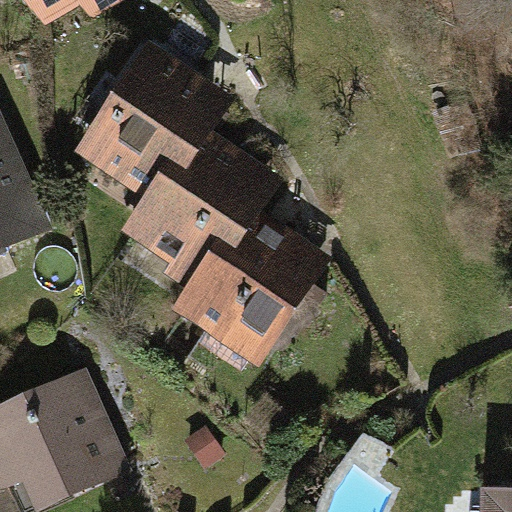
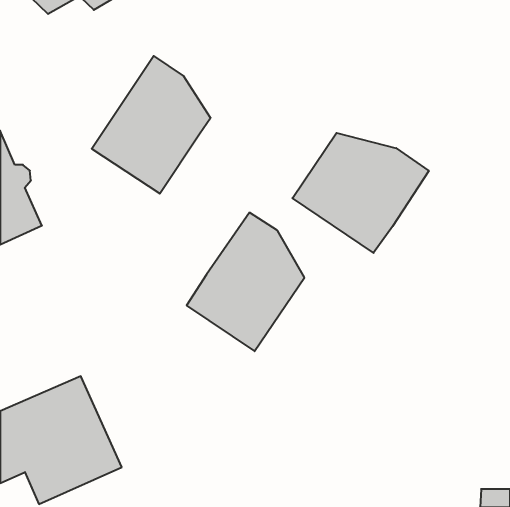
building: none -> [292,133,429,253]
building: [137,134,259,275] -> none

